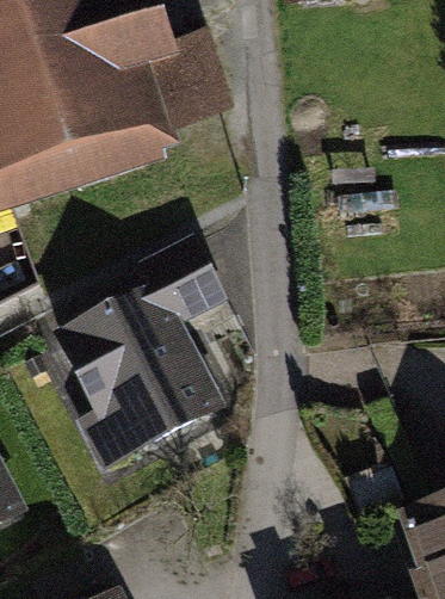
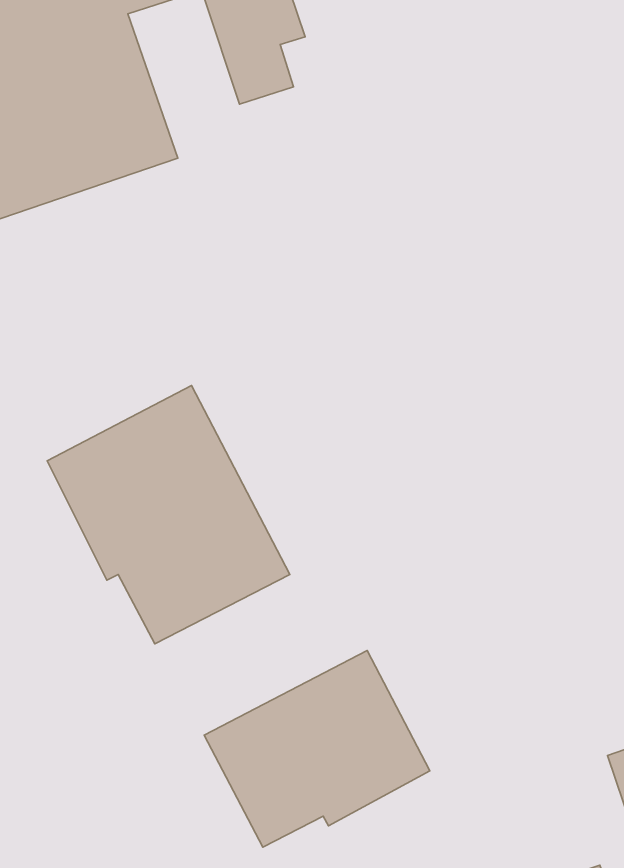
building: none -> [204,650,430,847]

